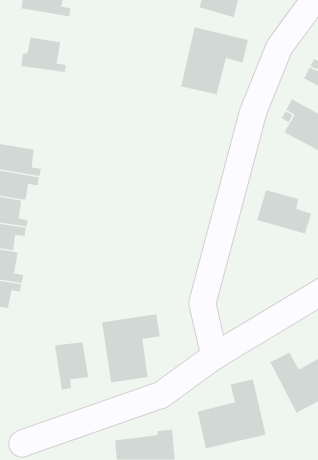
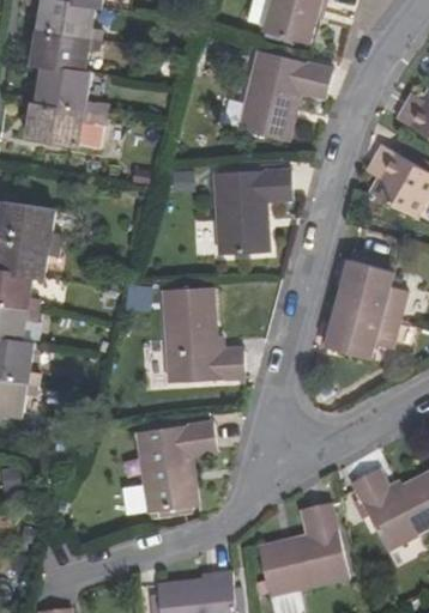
building: none -> [28,29,96,71]
building: none -> [23,102,97,147]
building: none -> [216,170,291,253]
building: none -> [163,287,244,381]
building: none -> [325,302,400,356]
building: [54,342,89,390] -> none

